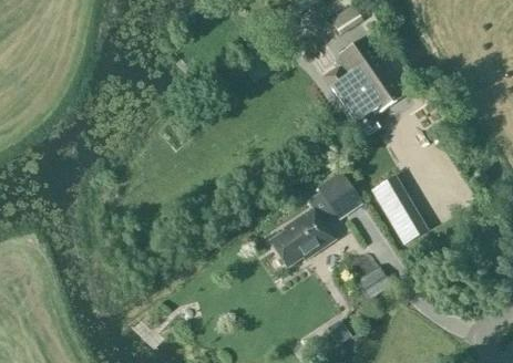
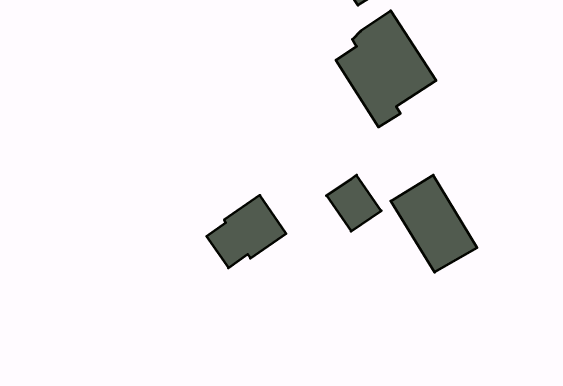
building: [268,207,332,266] -> [207,195,286,268]
building: [356,267,391,298] -> none

